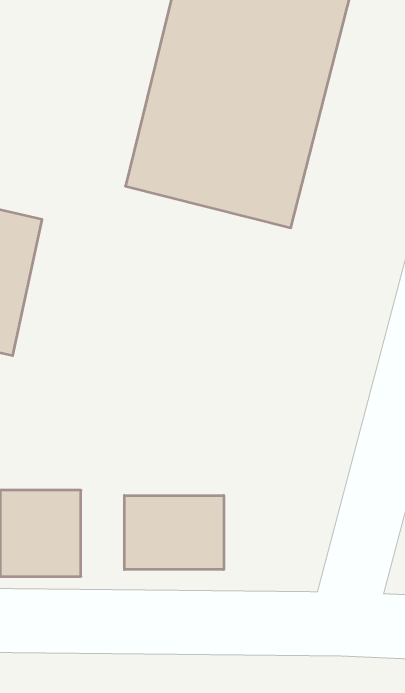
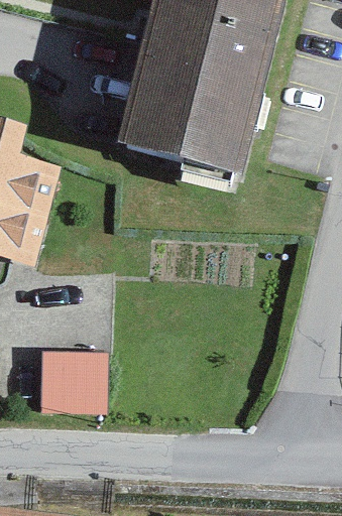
building: [124,495,224,570] -> none

